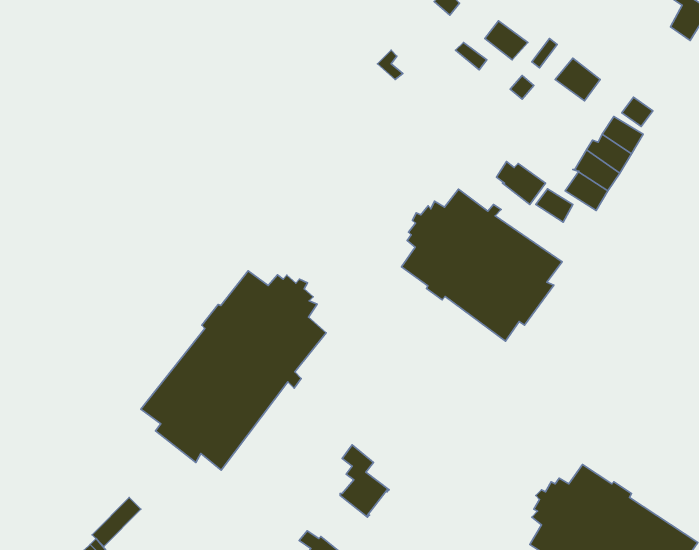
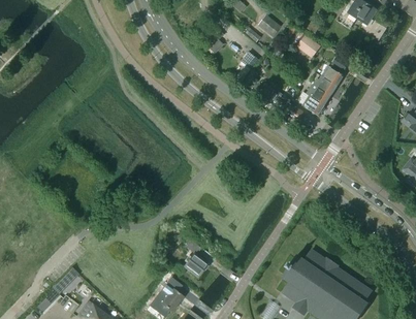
building: [402,189,562,341] -> none
building: [141,271,326,470] -> none

